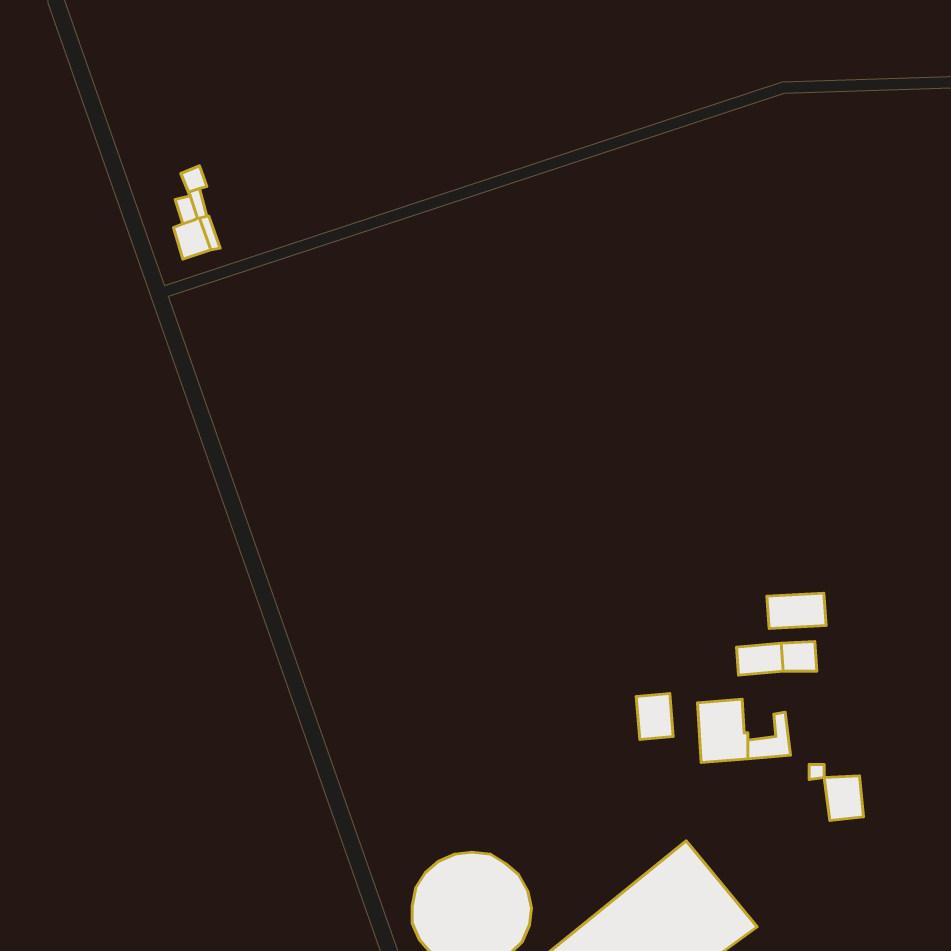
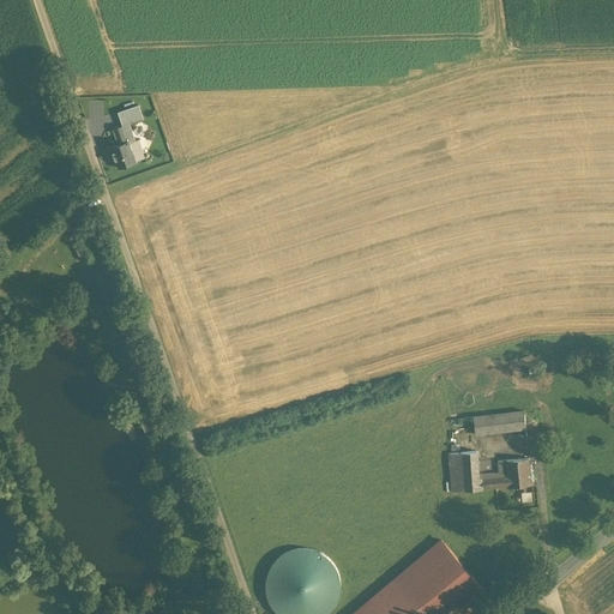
building: [767,593,826,629] -> none
building: [636,694,673,740] -> none
building: [824,776,863,820] -> [505,458,530,487]

